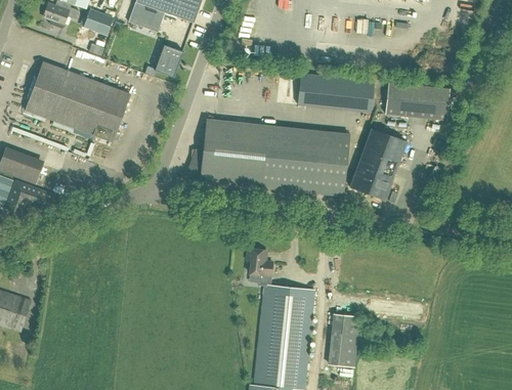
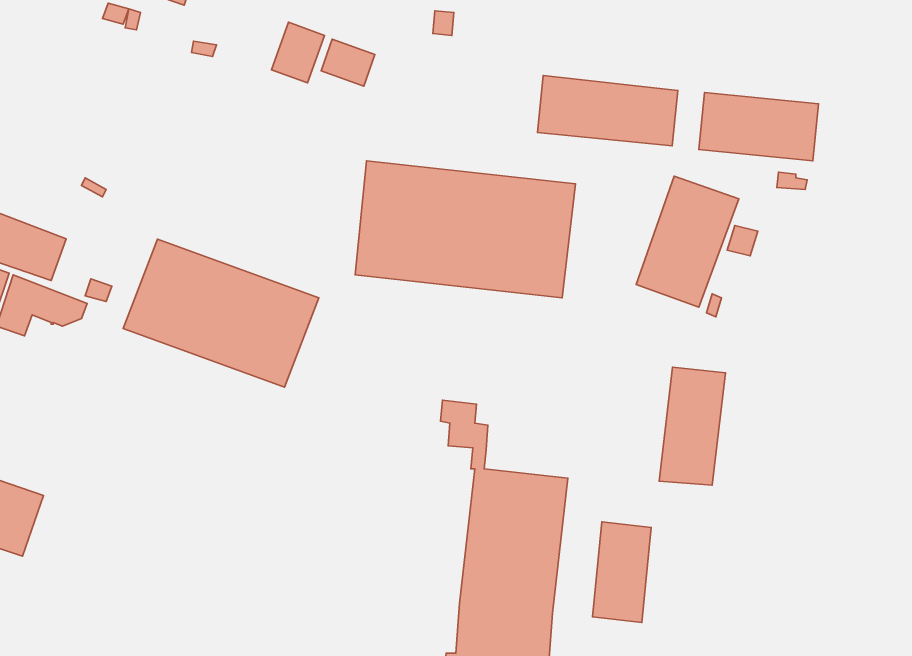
building: none -> [321,39,375,86]
building: [25,61,130,141] -> [123,239,319,387]
building: [311,131,347,194] -> [659,367,726,485]

